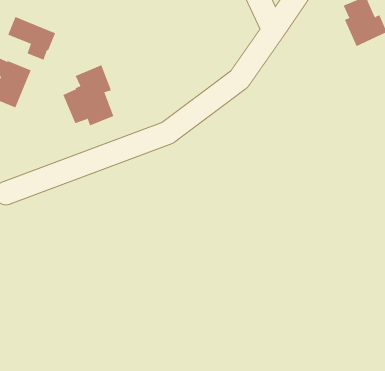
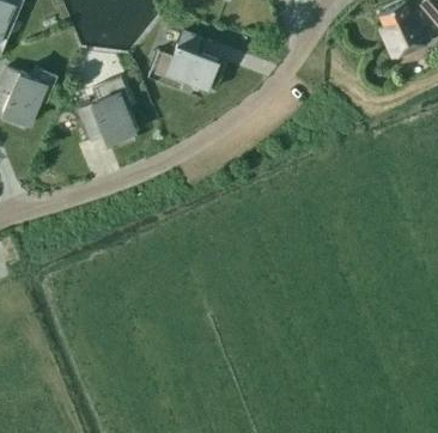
building: [7,16,56,61] -> none
building: none -> [153,32,219,87]

